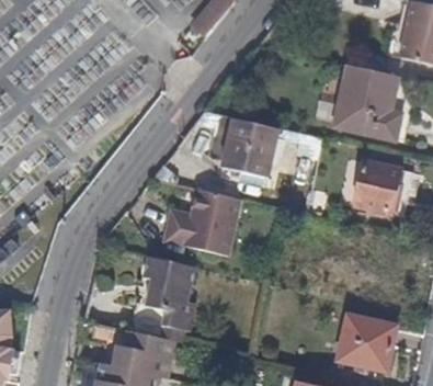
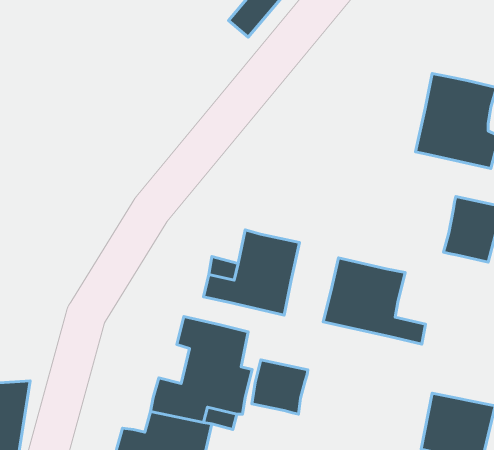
building: [221,118,281,178] -> none
building: none -> [323,258,426,344]
building: none -> [252,360,308,414]

